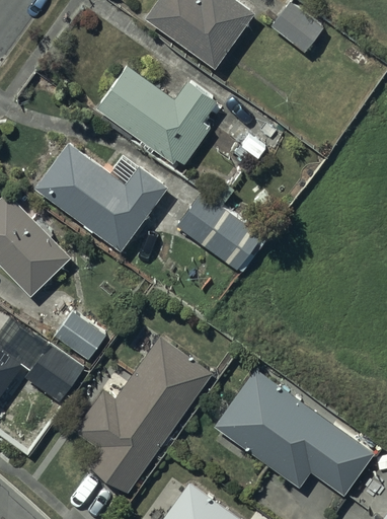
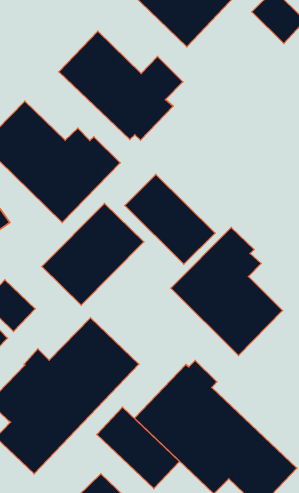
building: none -> [42,203,144,305]
building: none -> [171,227,282,355]
building: none -> [97,407,179,489]

